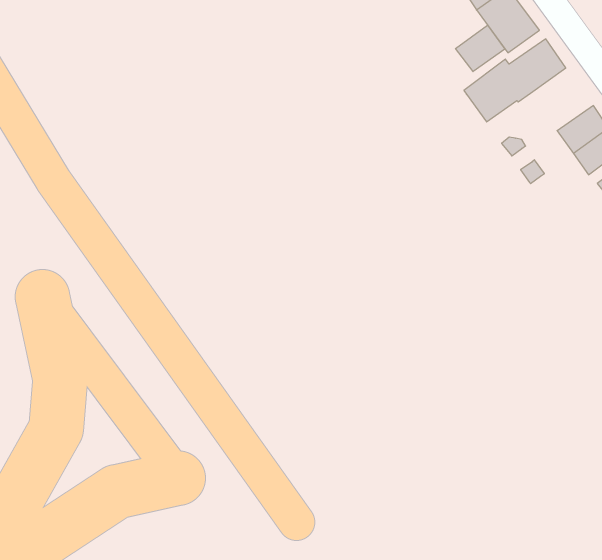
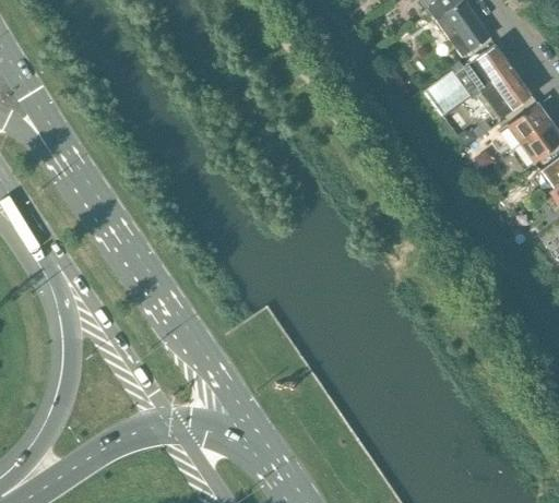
building: [456,25,505,72] -> none
building: none -> [484,70,533,117]

